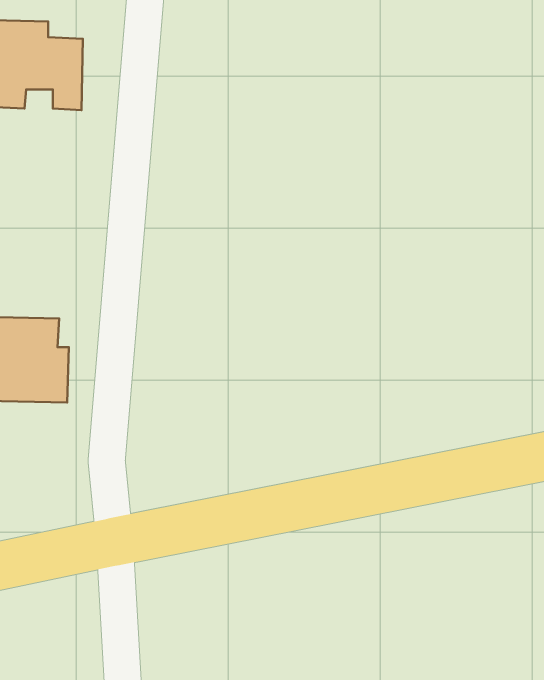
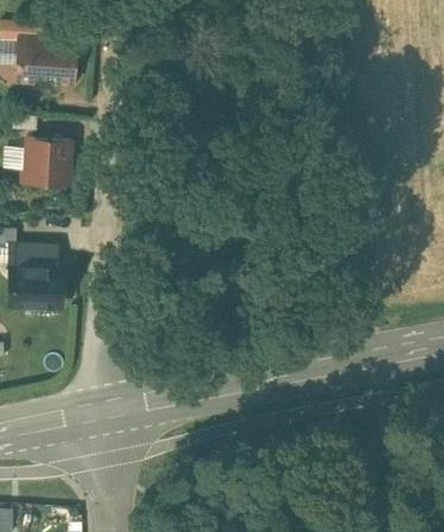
building: none -> [20,137,72,185]

